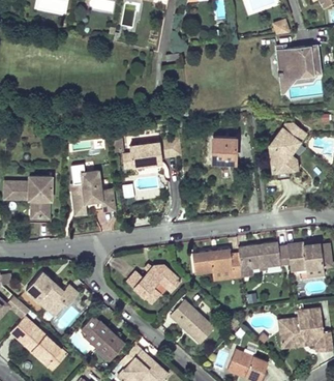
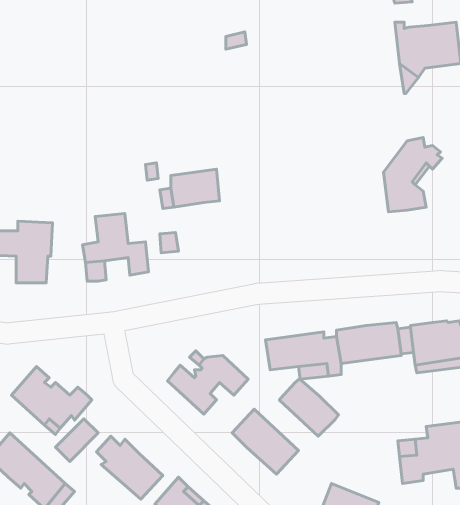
building: [211,139,236,165] -> none
building: none -> [279,379,338,436]

